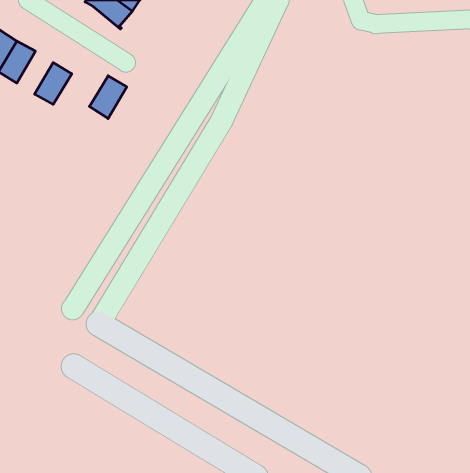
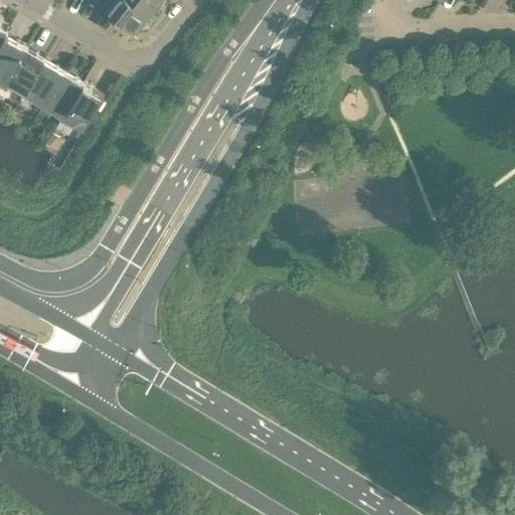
building: none -> [18,59,57,106]
building: [89,76,127,119] -> [57,83,98,130]

